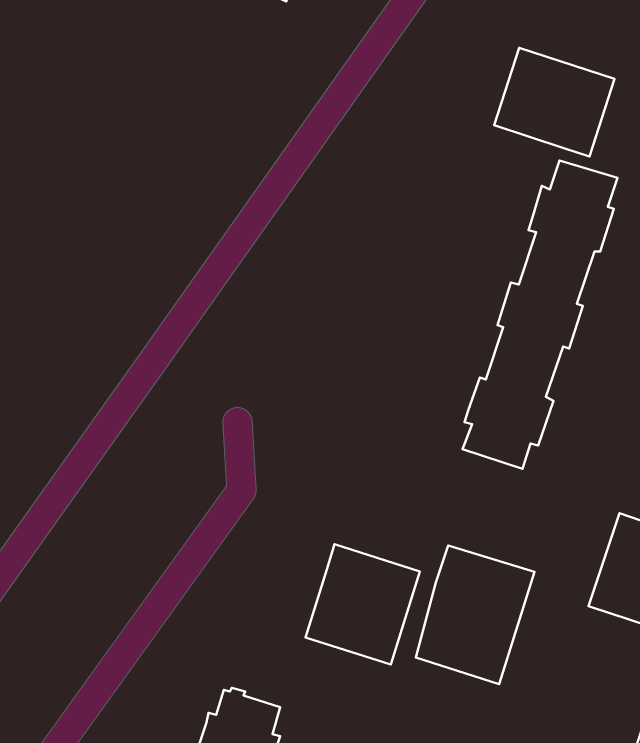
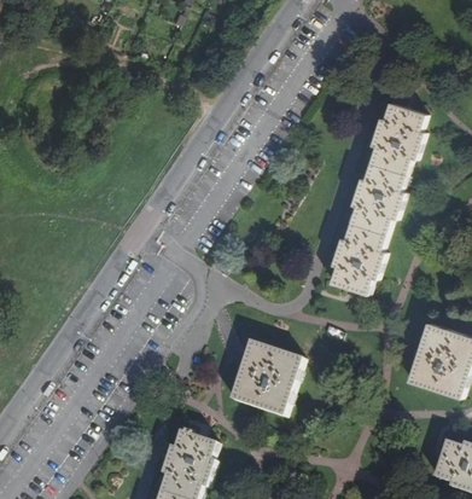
building: [494,48,614,157] -> none
building: [416,546,534,684] -> none

